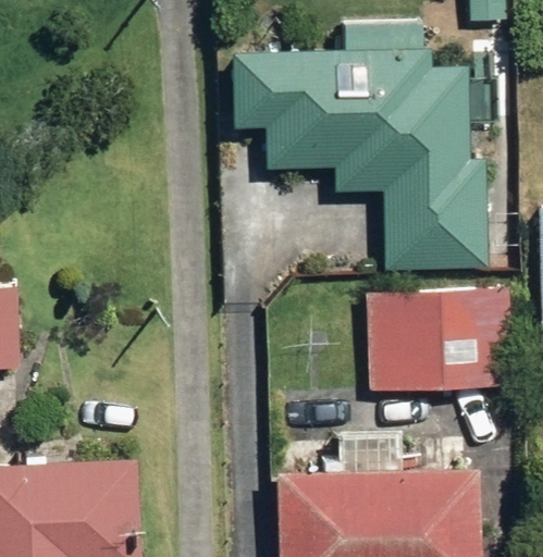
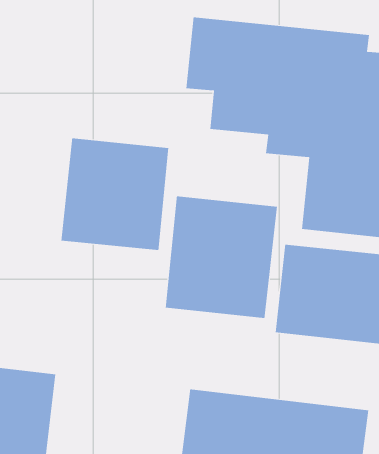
building: none -> [61,138,169,251]
building: none -> [165,195,277,319]

